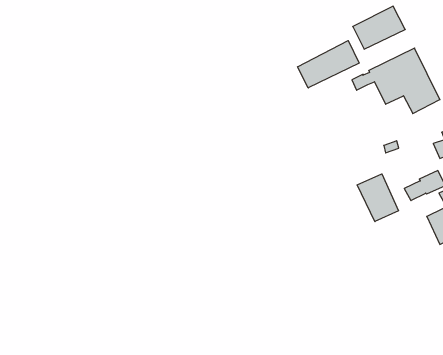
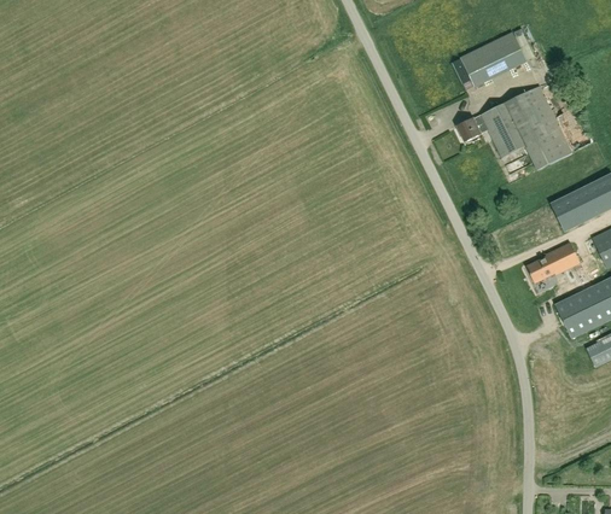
building: [298,41,359,88] -> none
building: [357,174,398,222] -> none

